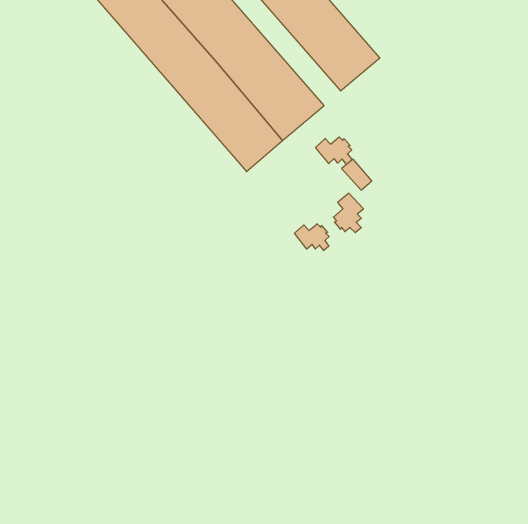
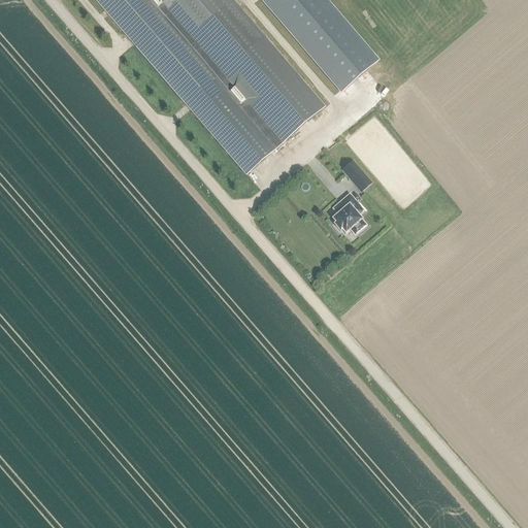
building: [316,137,352,165] -> none
building: [294,224,329,251] -> none

